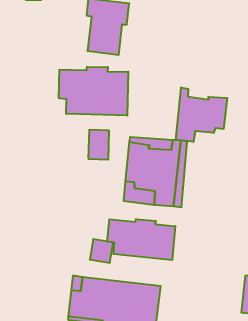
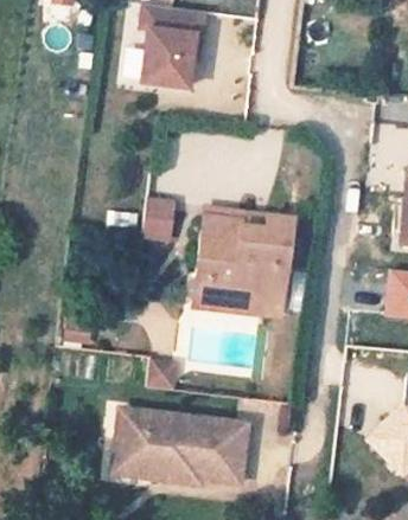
building: [59,67,128,116] -> none
building: [176,87,227,142] -> none
building: [107,219,175,260] -> none

